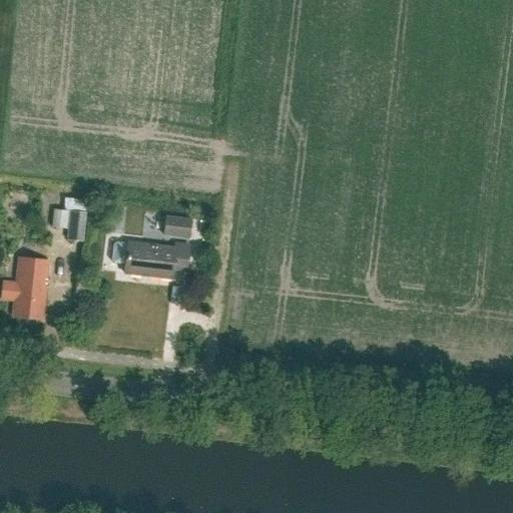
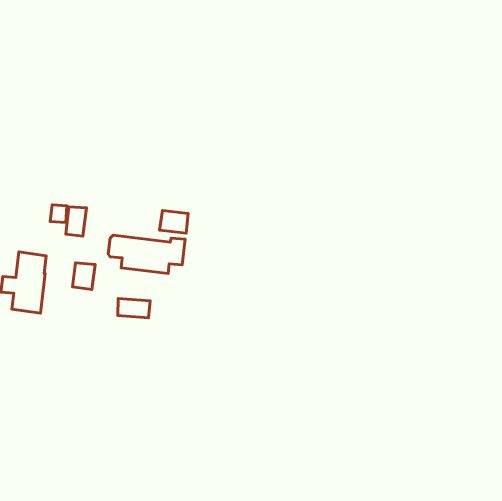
building: none -> [72,263,95,289]
building: none -> [118,298,150,318]

